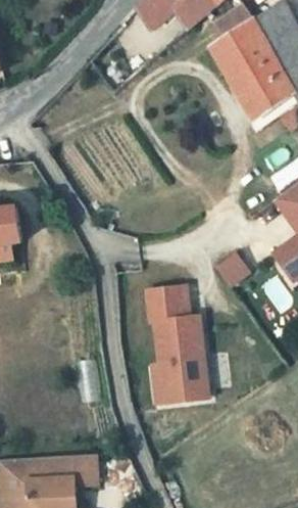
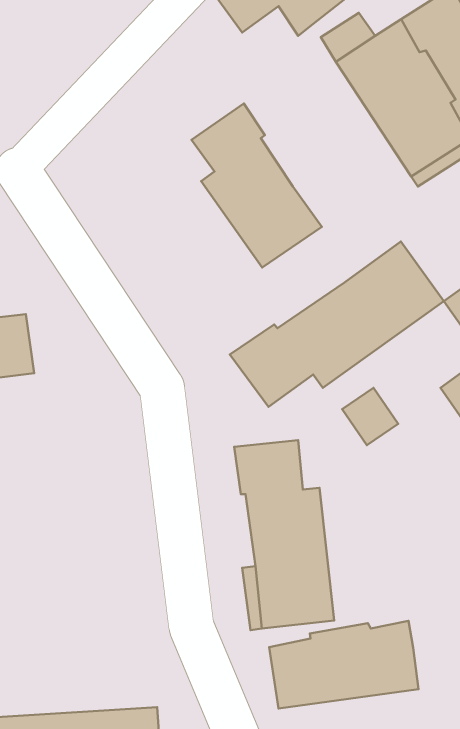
building: none -> [191,103,322,268]
building: none -> [230,241,444,407]
building: none -> [269,621,418,708]

